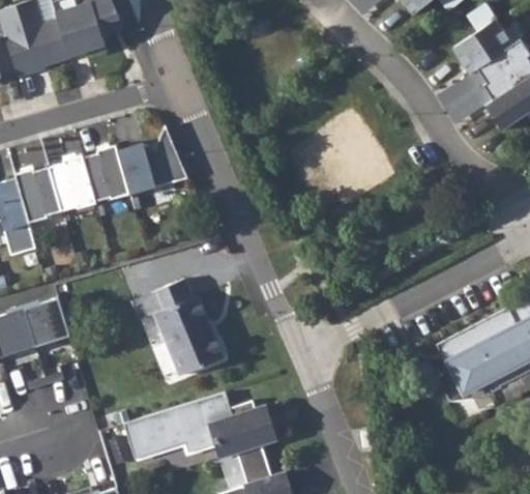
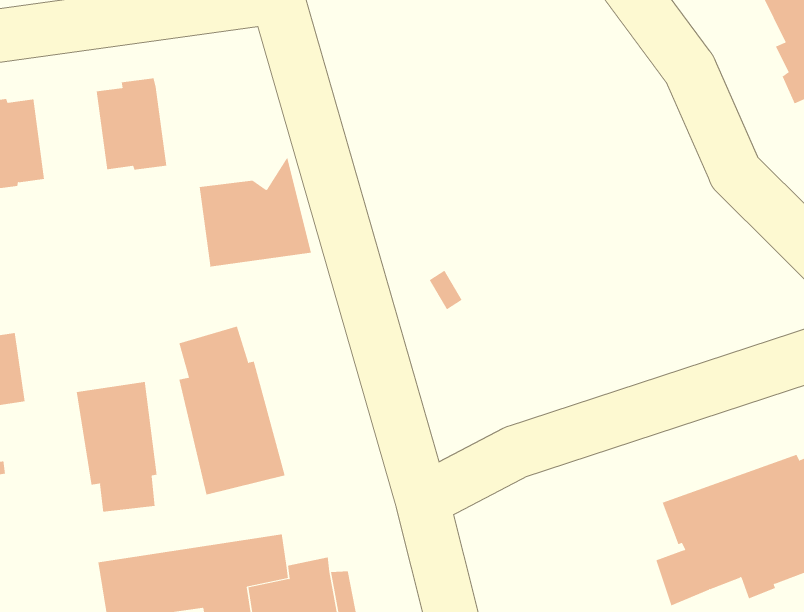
building: [439,77,480,123] -> none
building: [118,125,187,195] -> [199,156,312,267]
building: [50,154,96,211] -> none
building: none -> [76,381,157,512]

